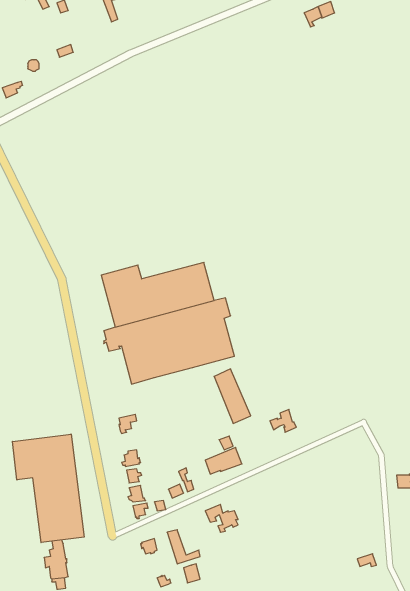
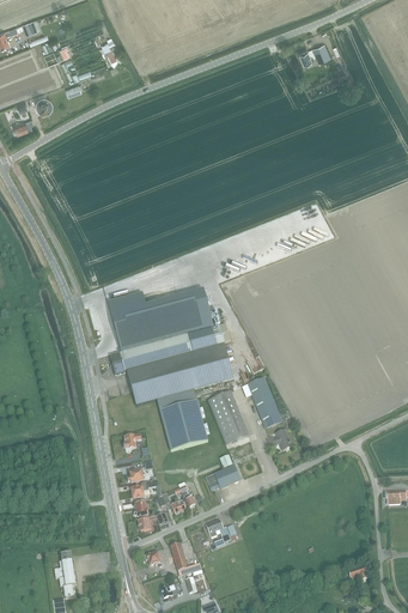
building: none -> [248,377,281,429]
building: none -> [157,389,208,450]
building: [12,434,84,543] -> none

